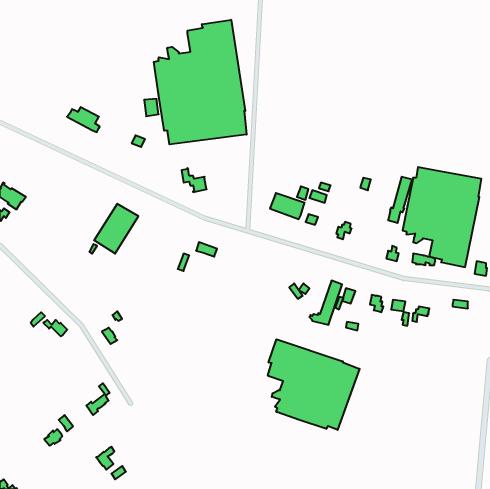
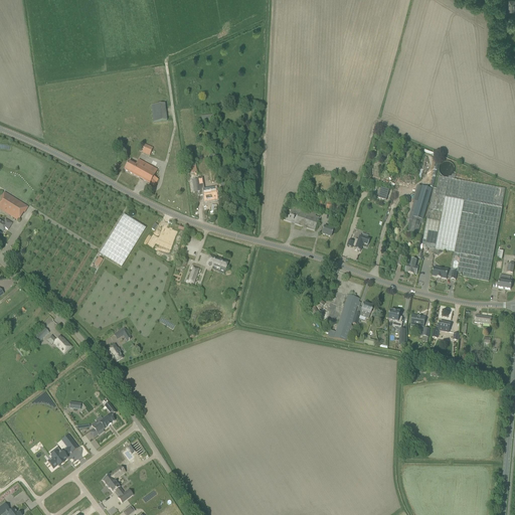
building: [154,20,247,144] -> none
building: [67,107,100,132] -> [123,158,157,184]
building: [268,339,360,430] -> none

